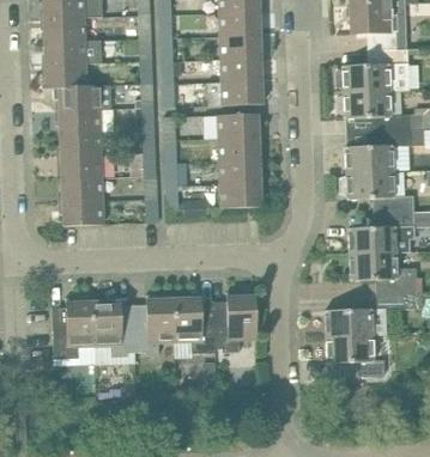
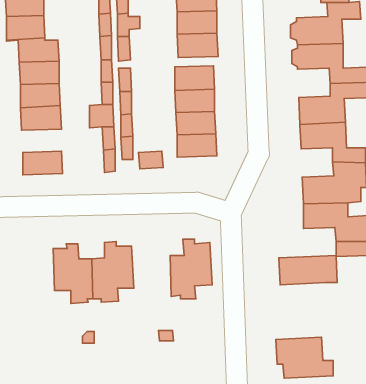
building: [62,179,103,203] -> none
building: [175,293,216,354] -> none
building: [53,298,96,359] -> none
building: [327,336,386,378] -> [276,337,333,378]

